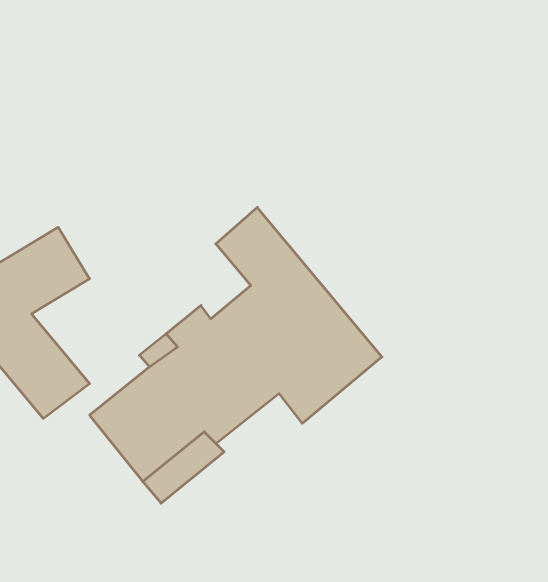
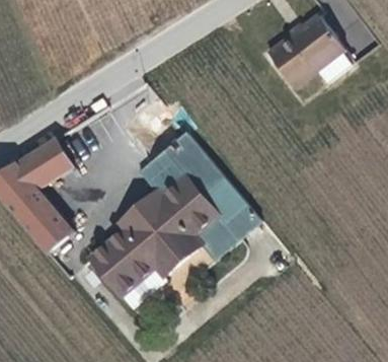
building: none -> [262,12,345,86]
building: none -> [137,151,180,197]

